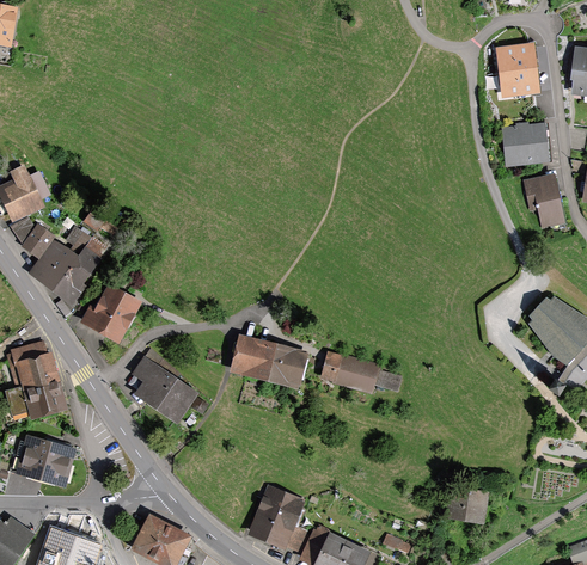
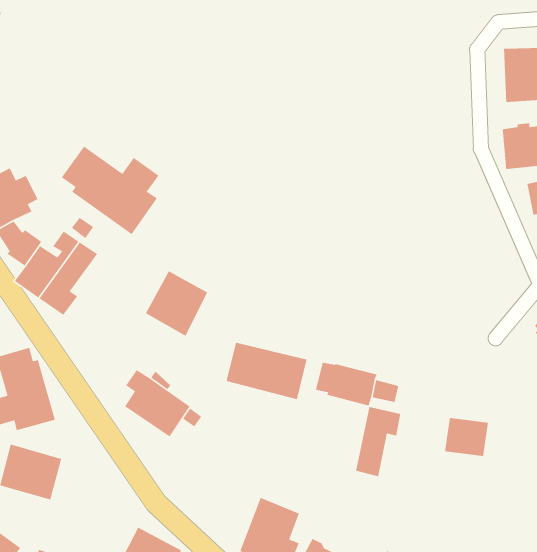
building: none -> [61,145,159,235]
building: [80,282,141,346] -> [145,270,208,337]
building: none -> [355,406,401,477]
building: [444,484,487,522] -> [444,417,489,457]

